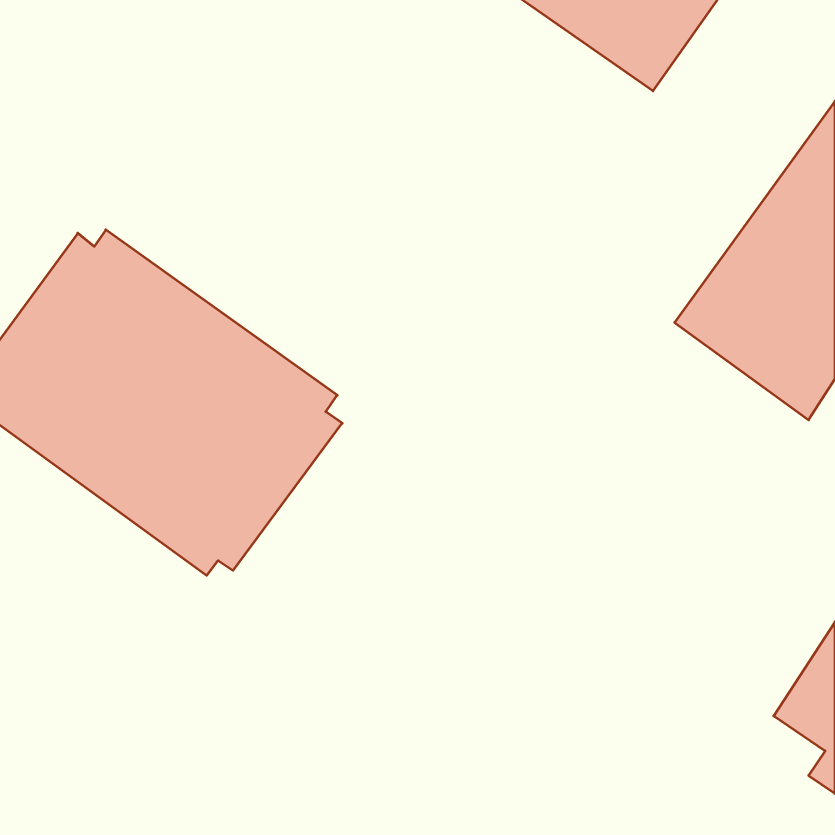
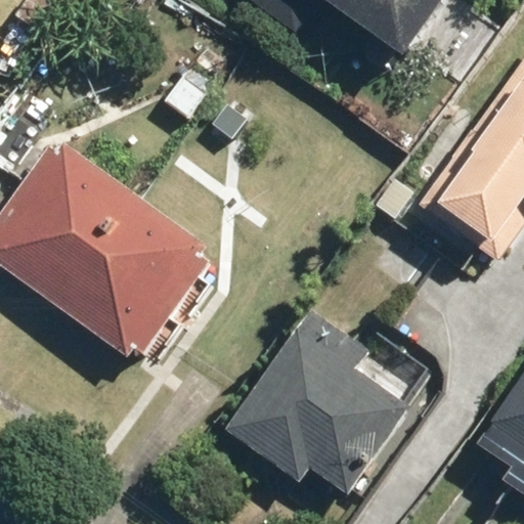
building: none -> [227,309,410,494]

